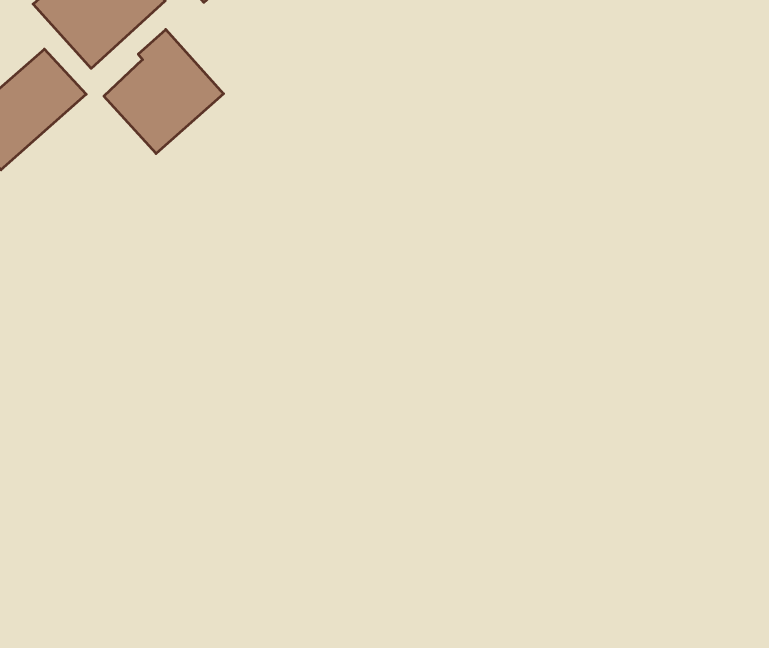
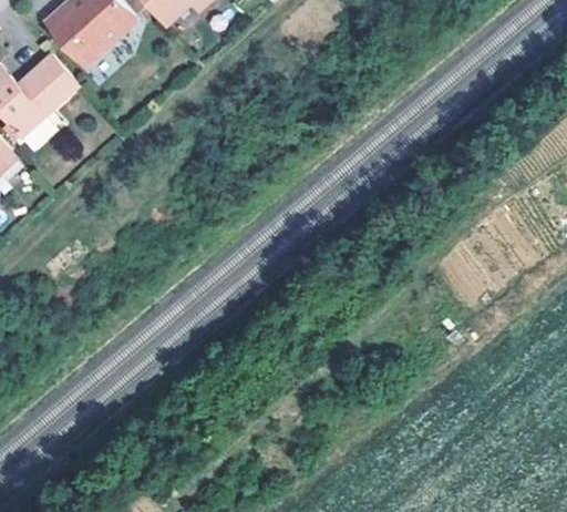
building: [104,29,224,154] -> none

